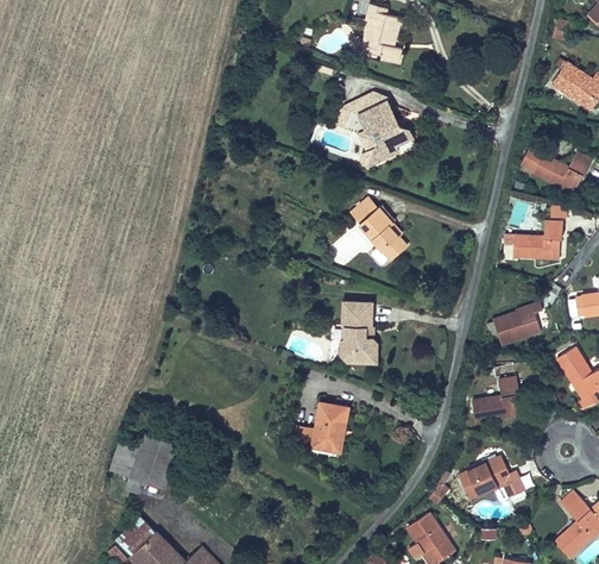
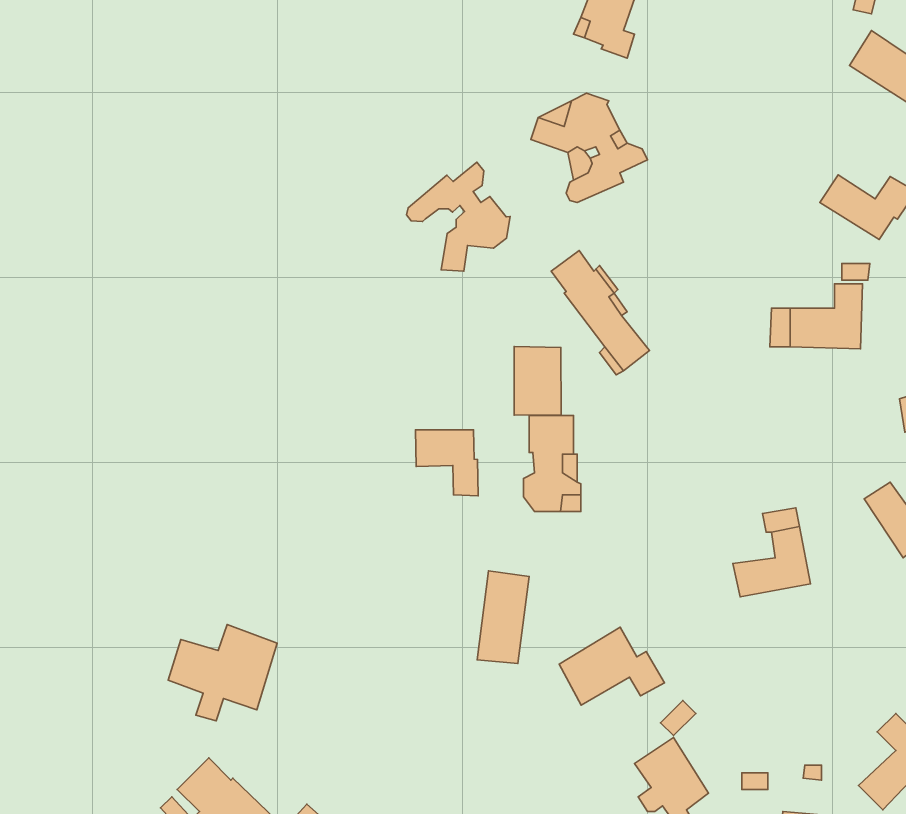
building: none -> [406,162,510,271]
building: none -> [514,347,561,415]
building: [492,299,543,344] -> none
building: none -> [415,430,478,496]
building: [461,453,529,503] -> [559,627,665,705]

